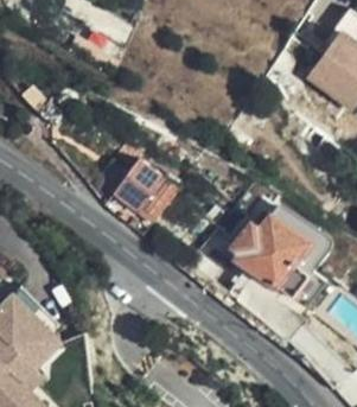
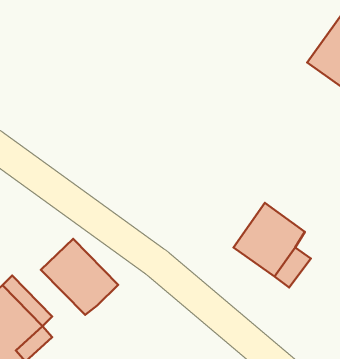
building: [113,155,179,221] -> none
building: none -> [41,239,118,315]

